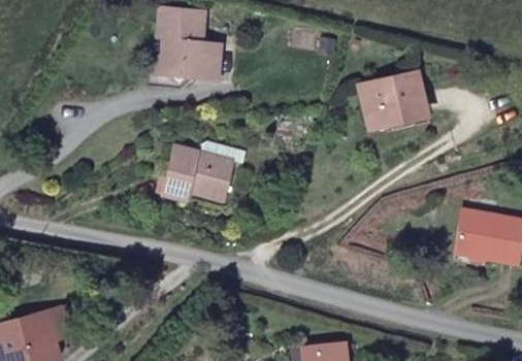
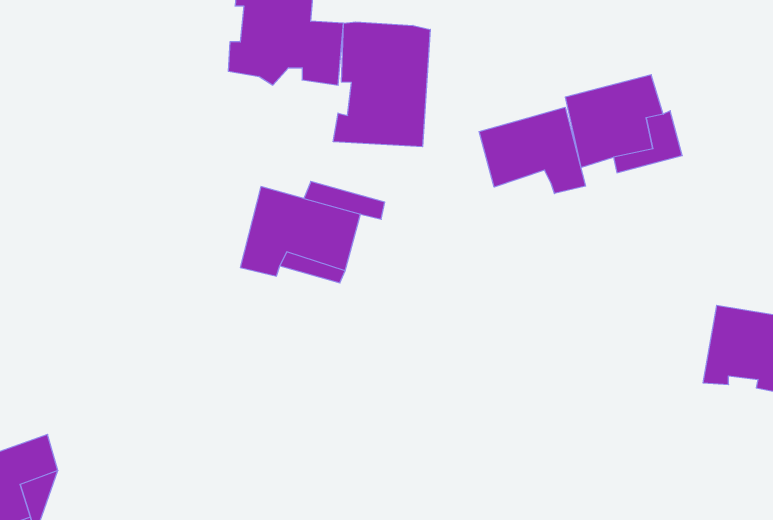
building: none -> [333,22,430,147]
building: none -> [479,107,586,194]

